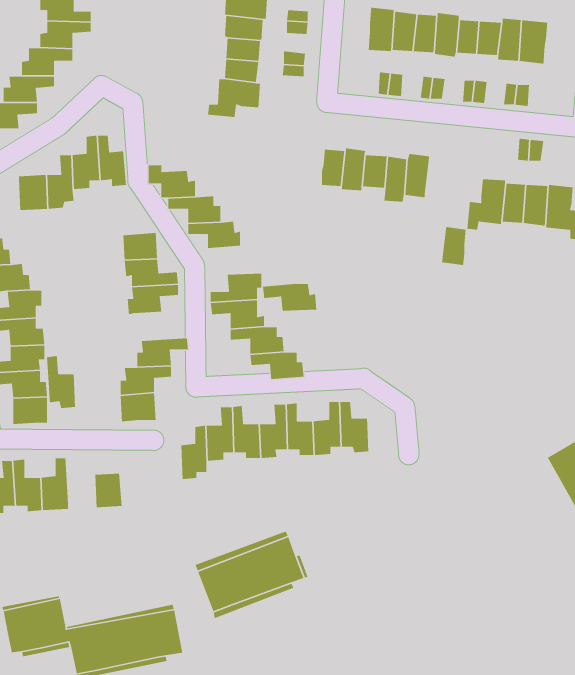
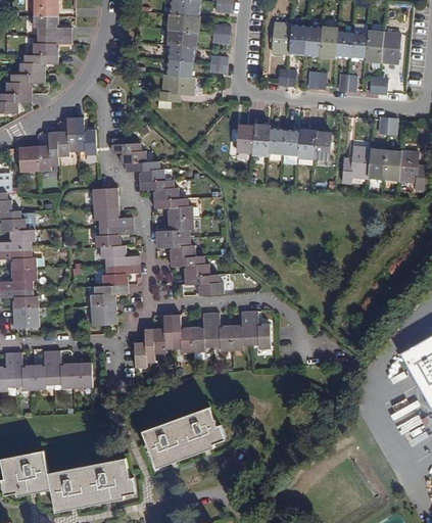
building: [441,226,467,266] -> [311,133,330,161]
building: [262,283,317,311] -> [153,197,193,218]
building: none -> [100,245,139,266]
building: [46,355,76,409] -> [51,349,73,388]

